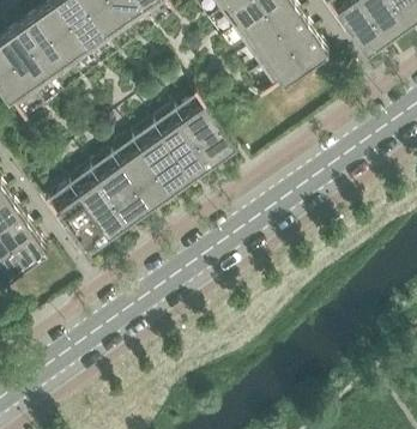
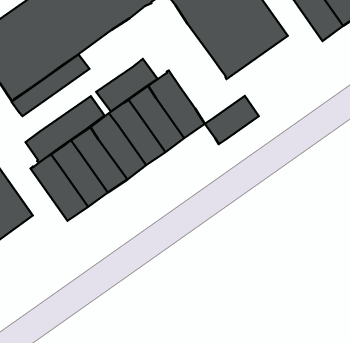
building: none -> [11,54,90,116]
building: none -> [96,59,157,112]
building: none -> [205,96,259,144]
building: none -> [26,96,105,163]

